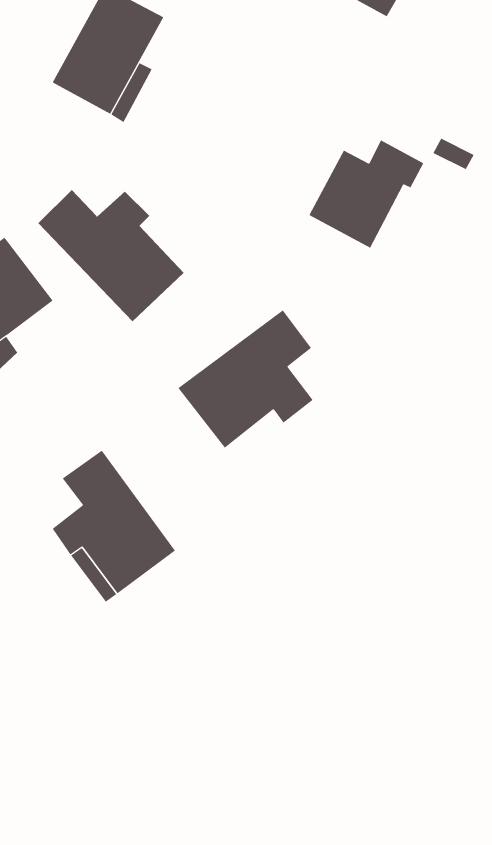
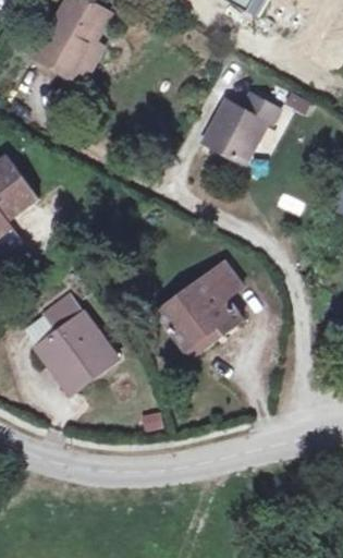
building: [38,189,184,322] -> none
building: [178,309,313,449] -> [155,260,243,351]

